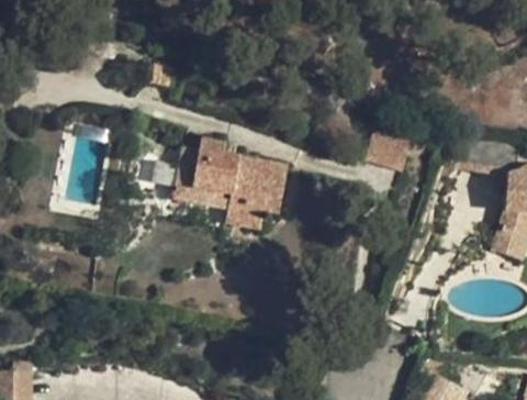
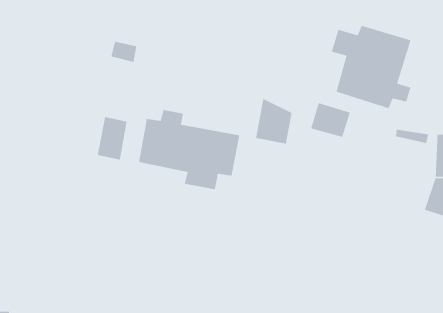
building: none -> [331,25,412,109]
building: none -> [255,98,293,144]

